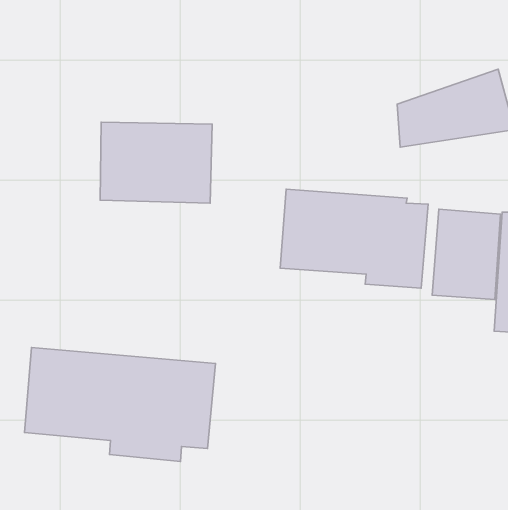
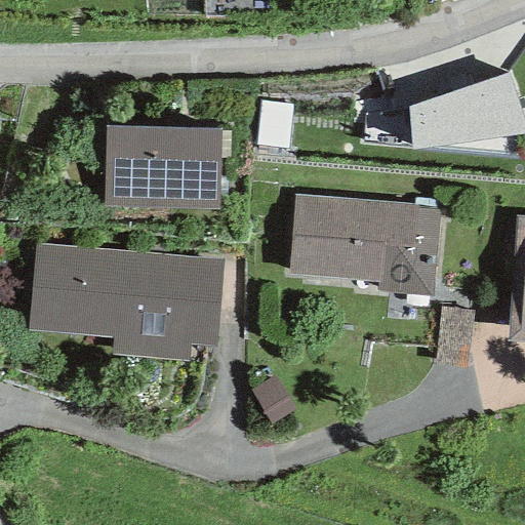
building: [432,209,501,300] -> none
building: [25,348,216,462] -> [29,243,225,360]

